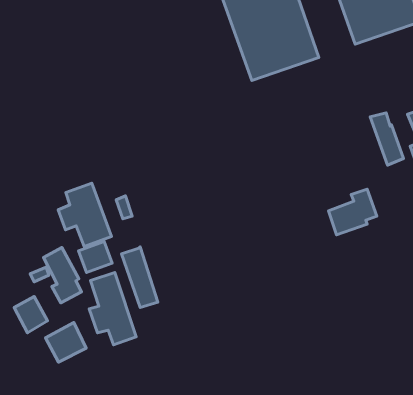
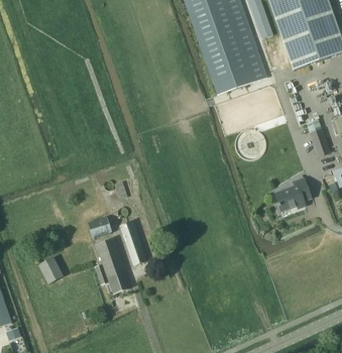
building: [58,183,112,247] -> none
building: [44,247,82,303] -> none
building: [46,323,86,362] -> none

